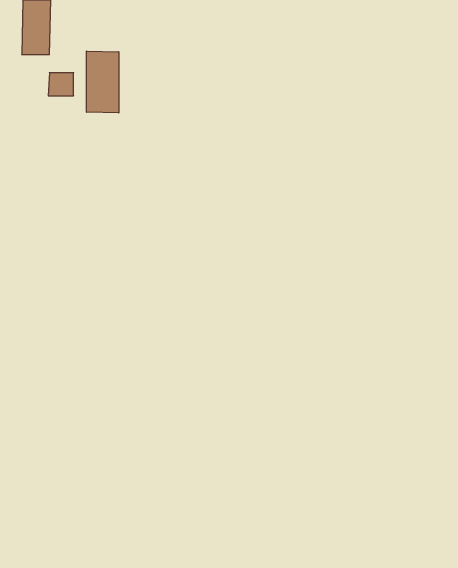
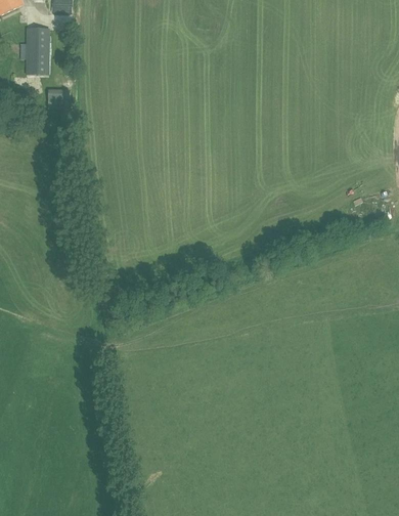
building: [87,51,119,113] -> none

